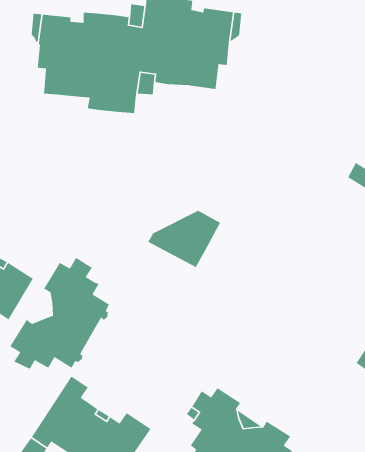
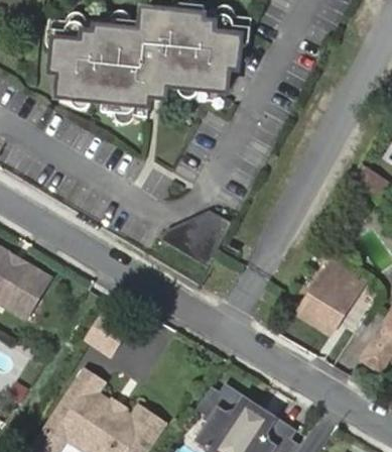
building: [9,257,110,370] -> none
building: none -> [298,261,364,334]

